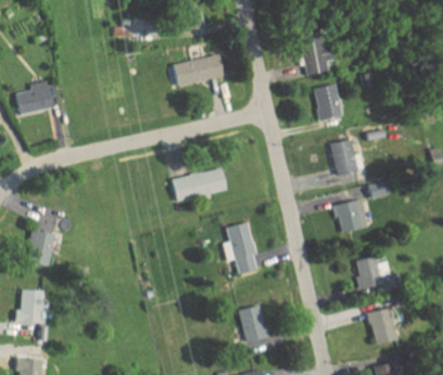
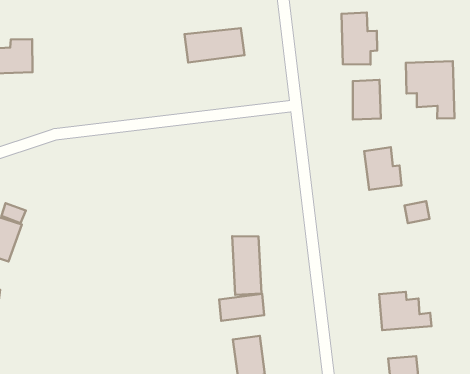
building: none -> [406,61,455,118]
building: [172,167,227,201] -> none
building: [334,199,369,234] -> none
building: none -> [219,294,264,321]

